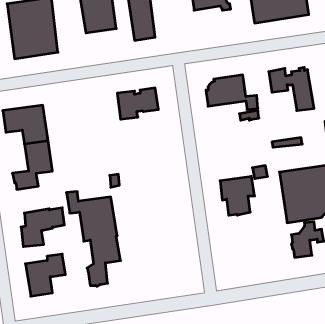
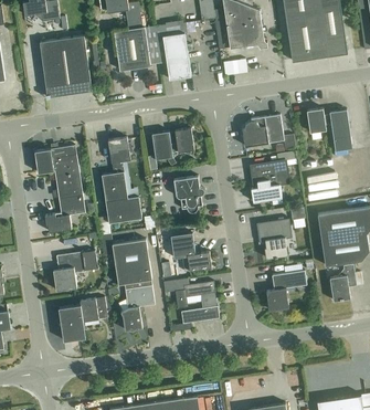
building: none -> [101,137,141,223]
building: none -> [251,165,286,203]
building: none -> [173,177,203,213]
building: none -> [170,233,211,272]
building: none -> [265,271,306,311]
building: none -> [175,282,219,324]

